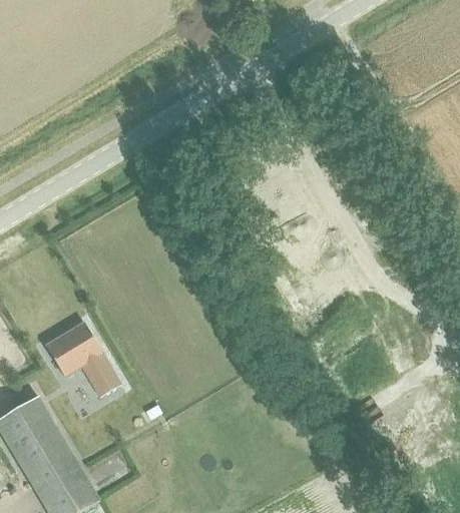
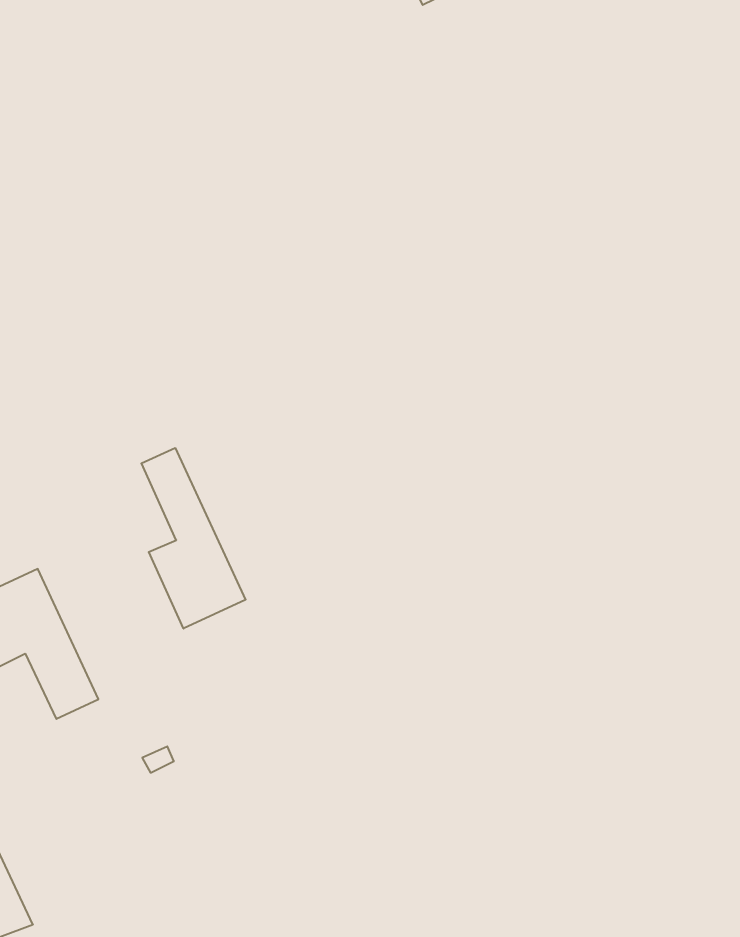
building: none -> [141,448,246,629]

